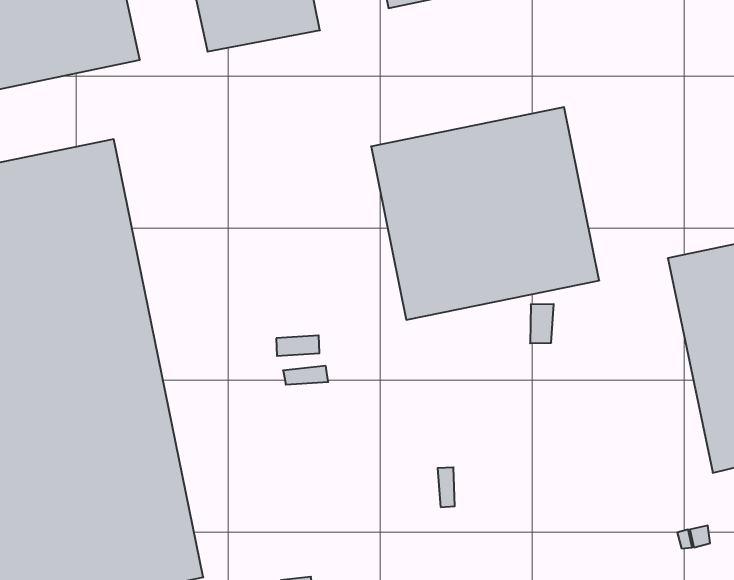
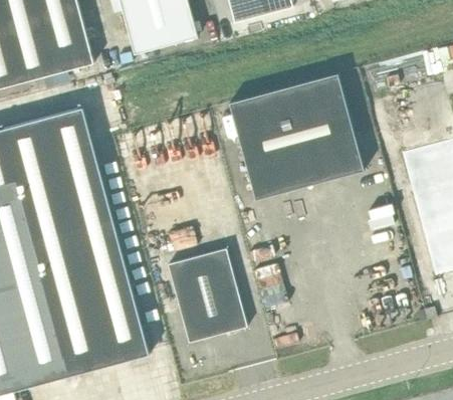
building: none -> [169,248,248,343]

